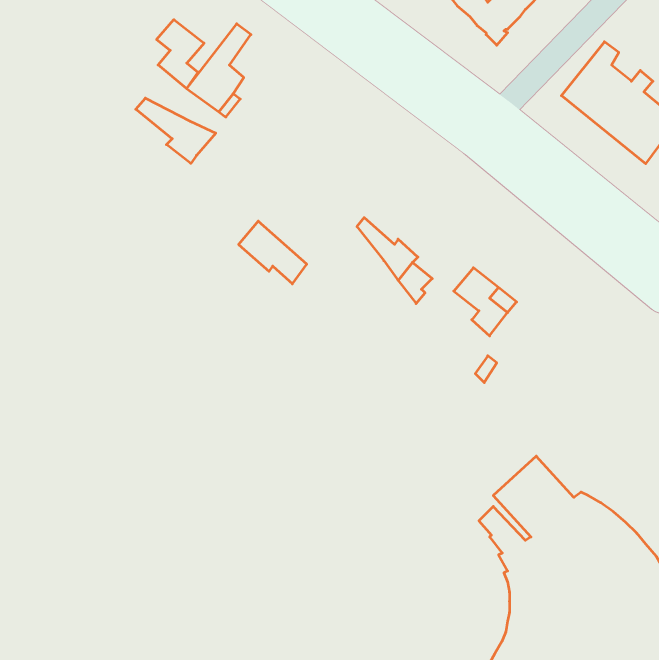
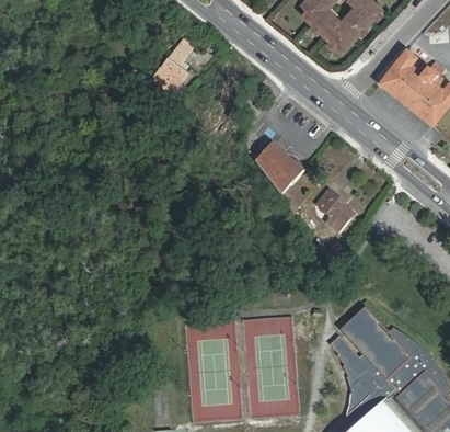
building: [157,20,204,88] -> none
building: [136,98,216,163] -> none
building: [239,221,307,284] -> [261,145,302,183]

